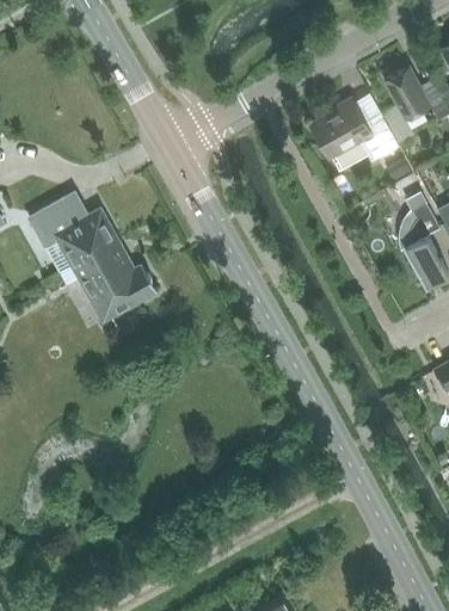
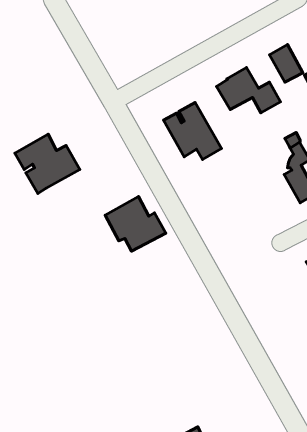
building: none -> [163,102,221,159]
building: [73,241,158,317] -> [105,196,166,251]

